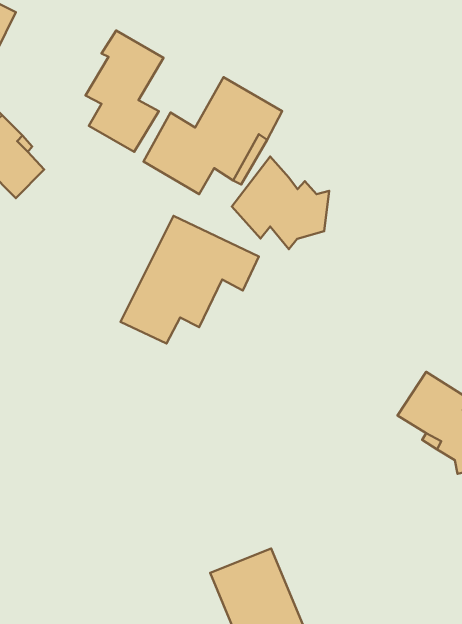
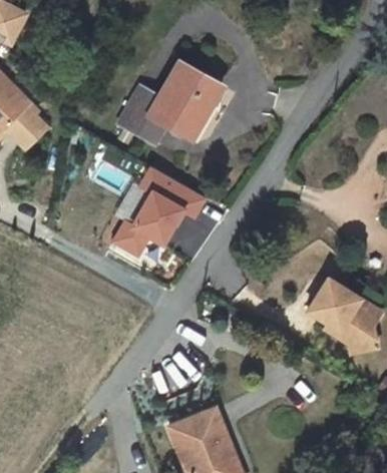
building: [85,30,163,152] -> none
building: [232,156,329,249] -> none

